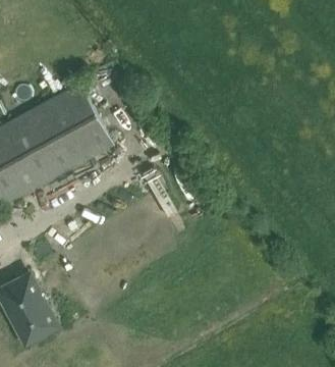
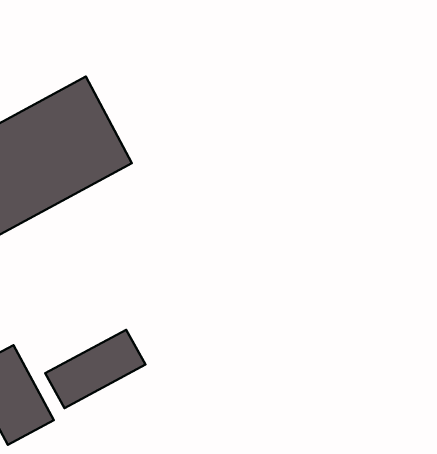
building: none -> [45,330,145,408]

